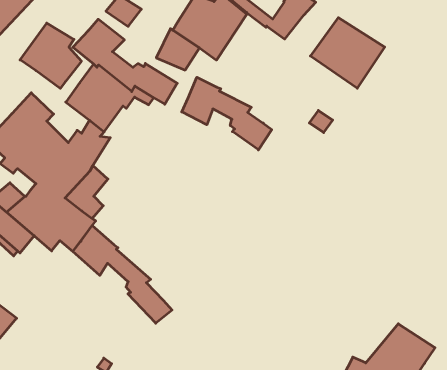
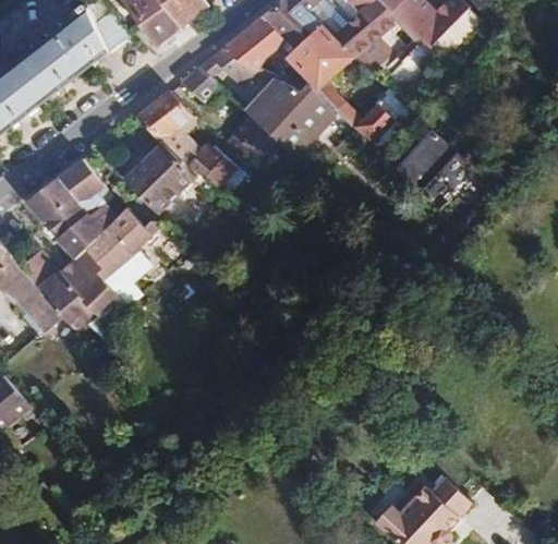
building: [20,23,81,88] -> none
building: [182,77,272,150] -> none
building: [73,226,172,323] -> none

